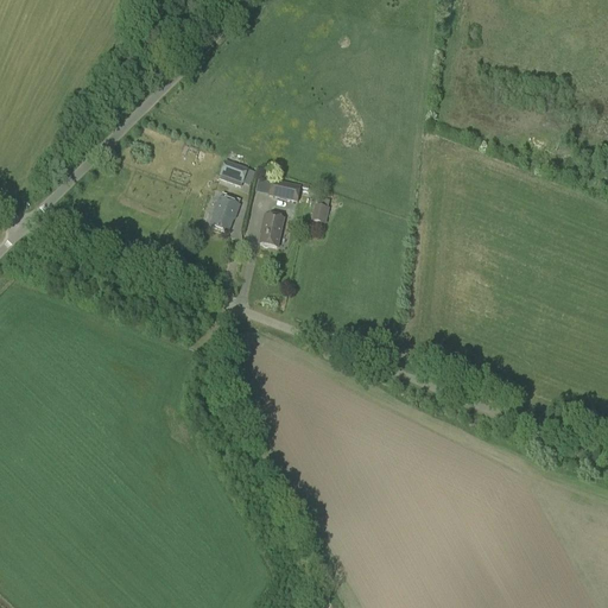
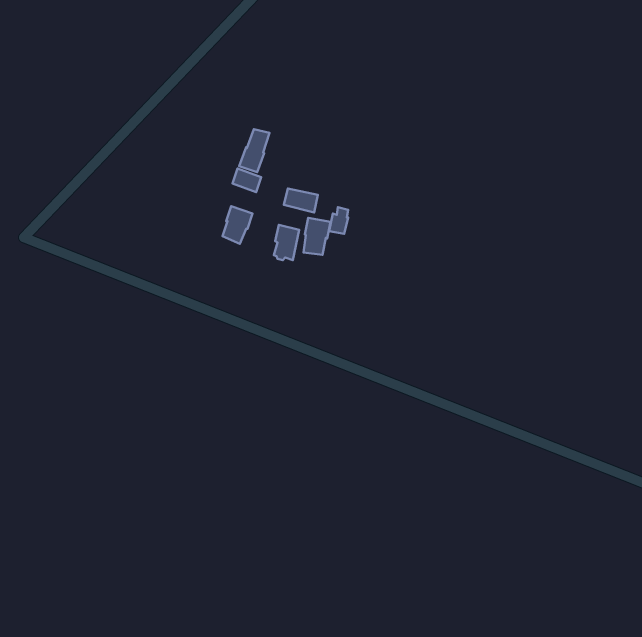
building: none -> [239,129,269,172]
building: none -> [304,218,330,255]

